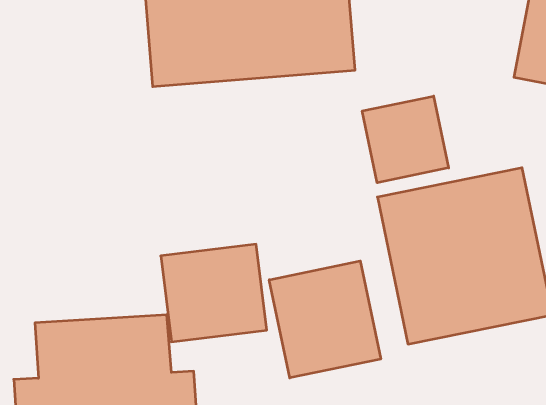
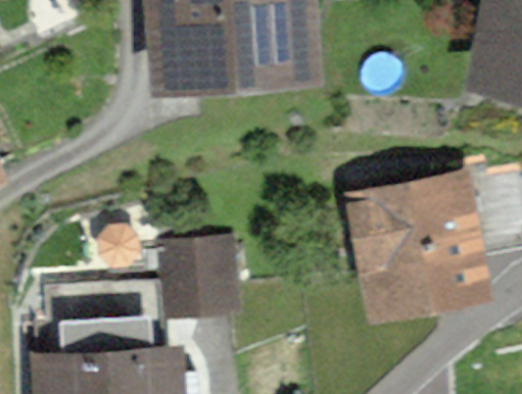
building: [362,96,449,183] -> none
building: [269,261,381,378] -> none

